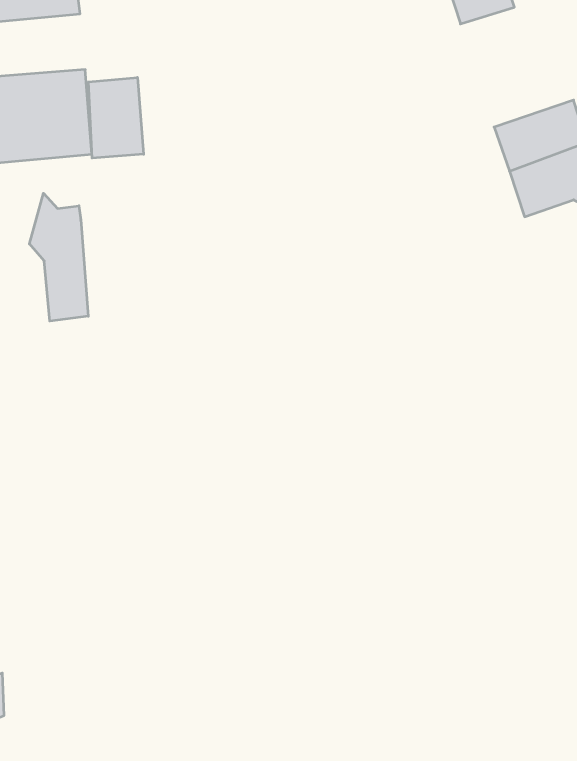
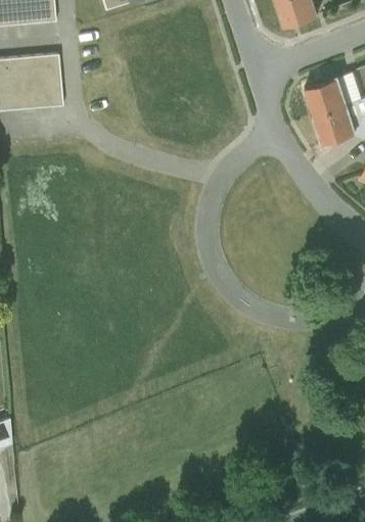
building: [89,77,144,158] -> none
building: [29,193,88,321] -> none

